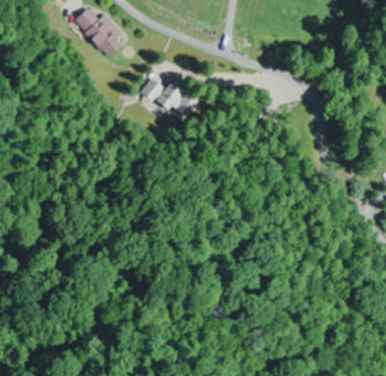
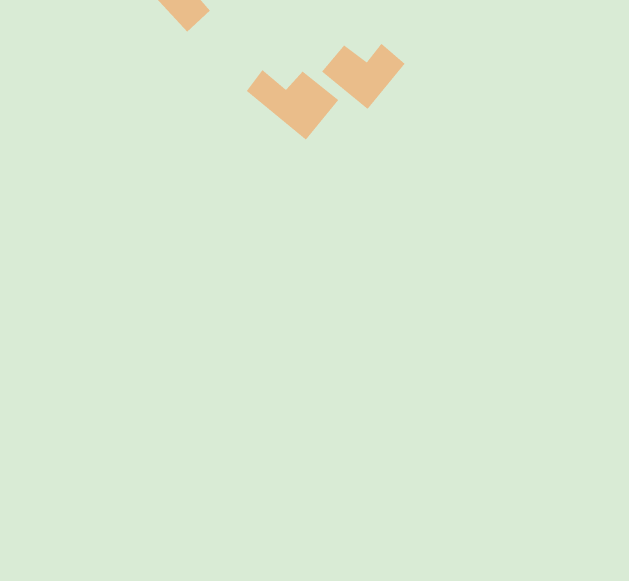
building: none -> [321,43,405,110]

